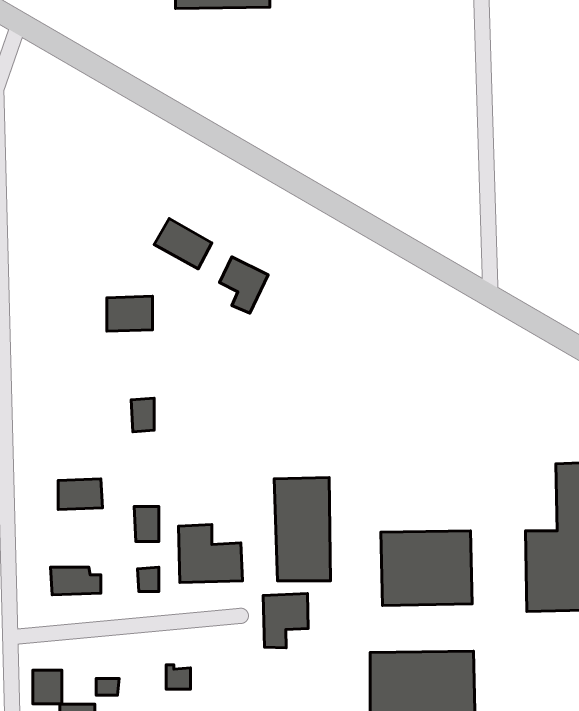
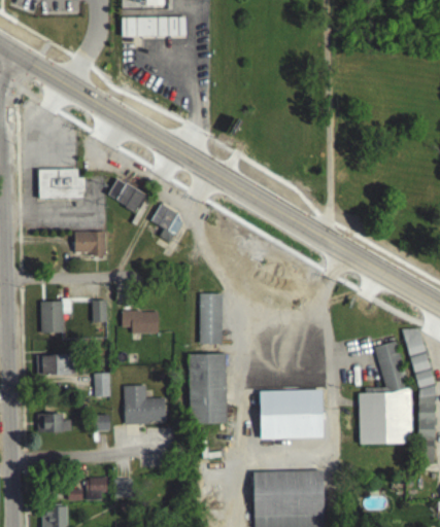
building: none -> [39,168,84,199]
building: none -> [200,293,223,344]
building: none -> [41,302,69,332]
building: none -> [122,311,159,332]
building: [263,593,308,648] -> none
building: [33,670,62,704] -> [86,478,105,500]

